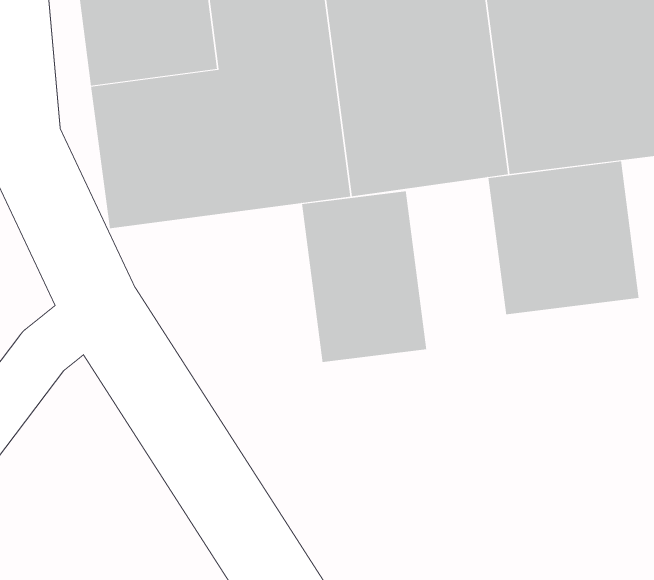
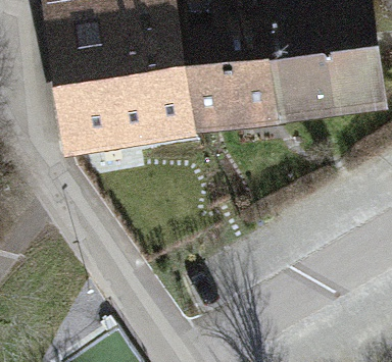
building: [488,161,639,315] -> none
building: [302,190,427,363] -> none

